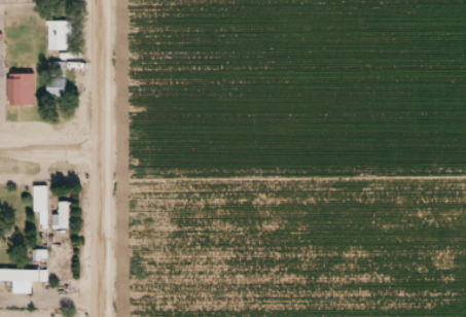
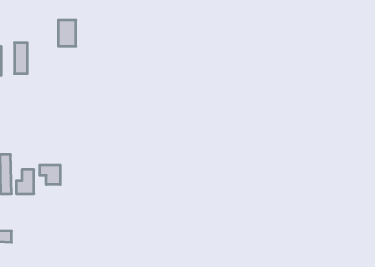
building: [47,22,67,50] -> [58,20,76,46]
building: none -> [40,165,60,185]

